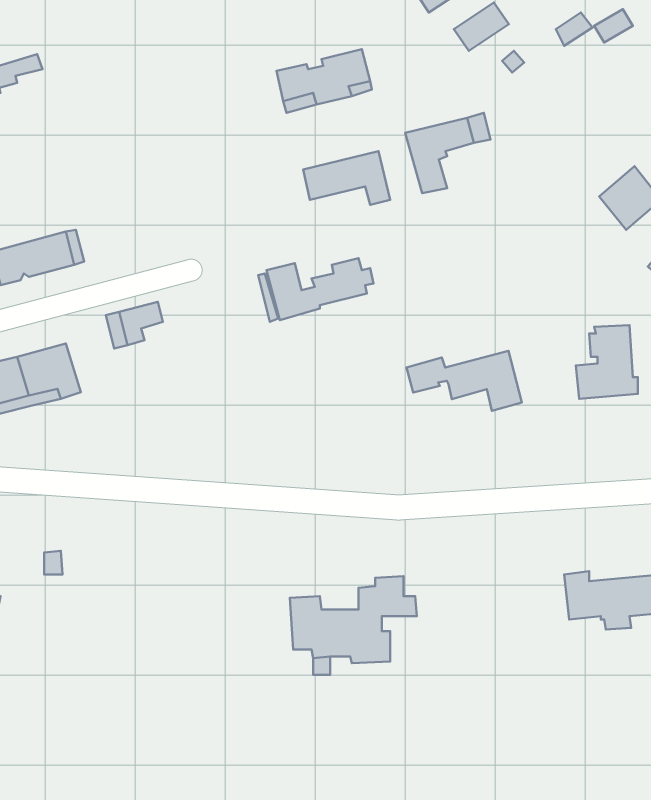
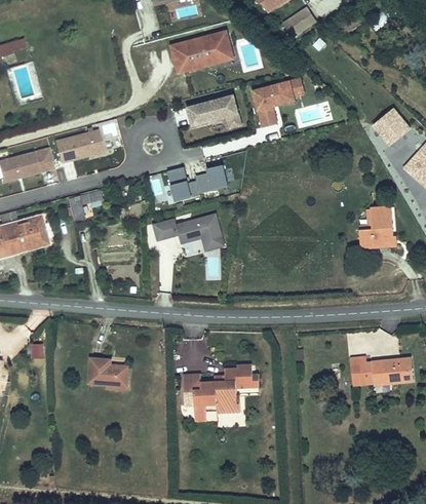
building: none -> [55,129,105,162]
building: [407,351,522,411] -> [153,215,224,251]
building: none -> [87,355,129,384]

